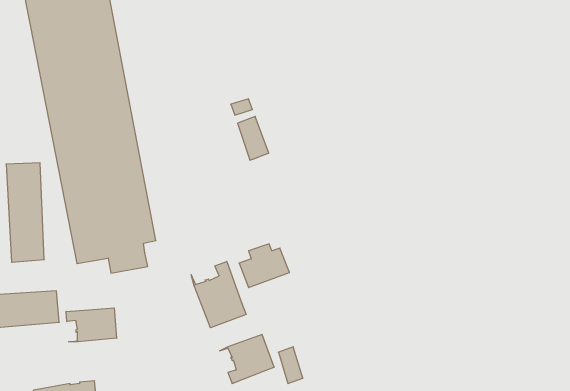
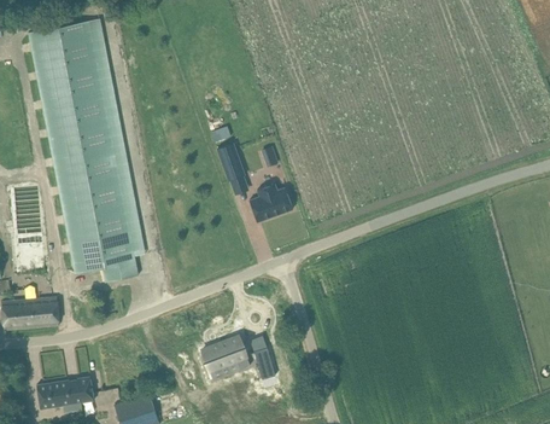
building: [239,244,289,288] -> [248,184,293,222]
building: [191,261,246,328] -> none
building: [66,308,117,342] -> none

